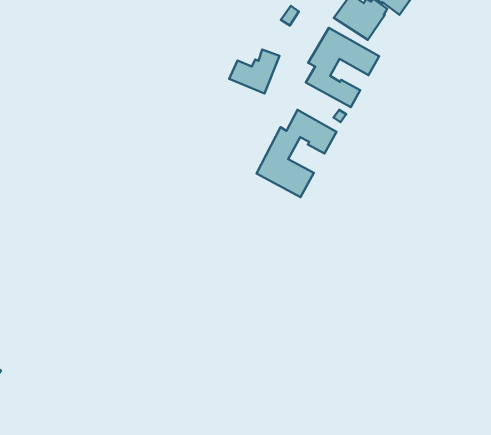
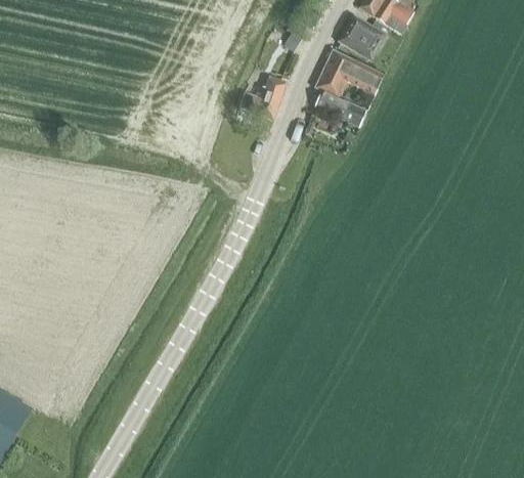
building: [256,110,337,197] -> none

